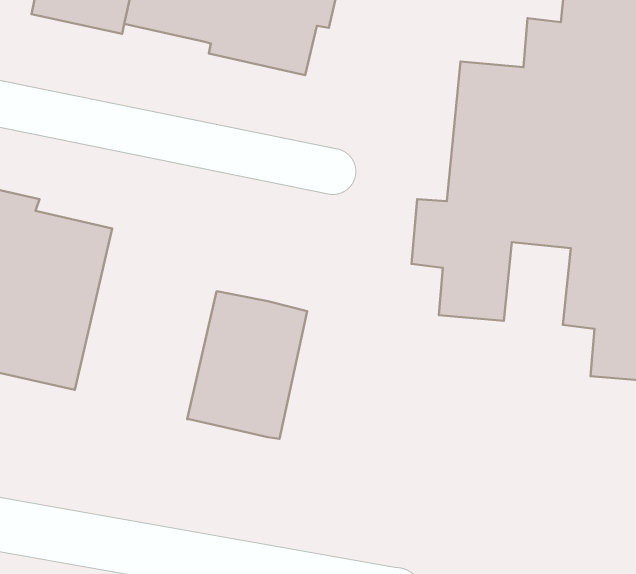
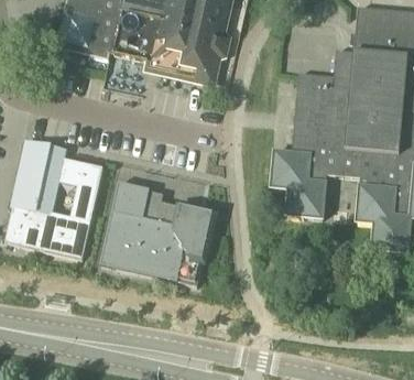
building: none -> [100,182,162,272]

